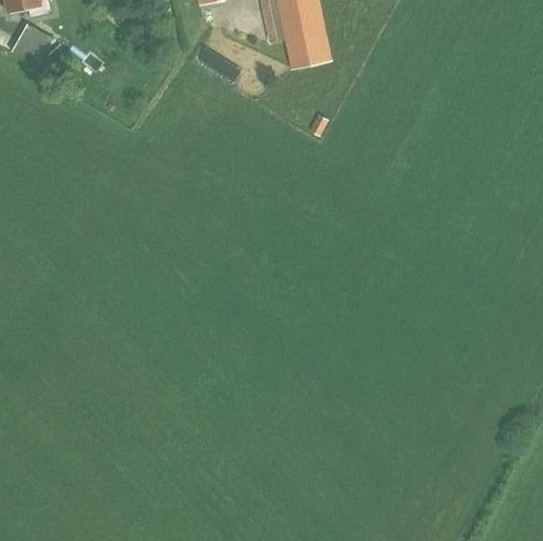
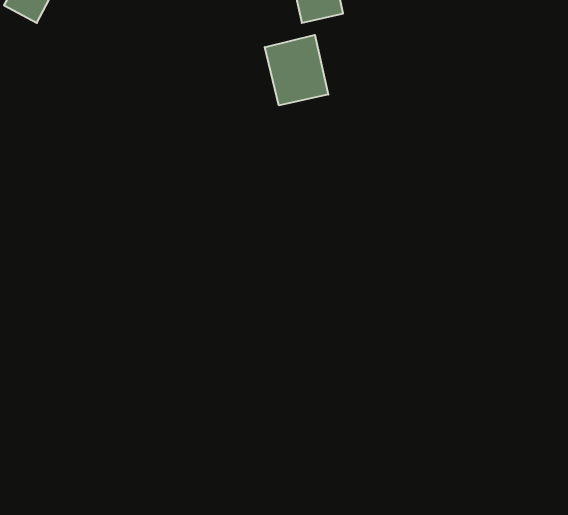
building: none -> [265,35,328,105]

